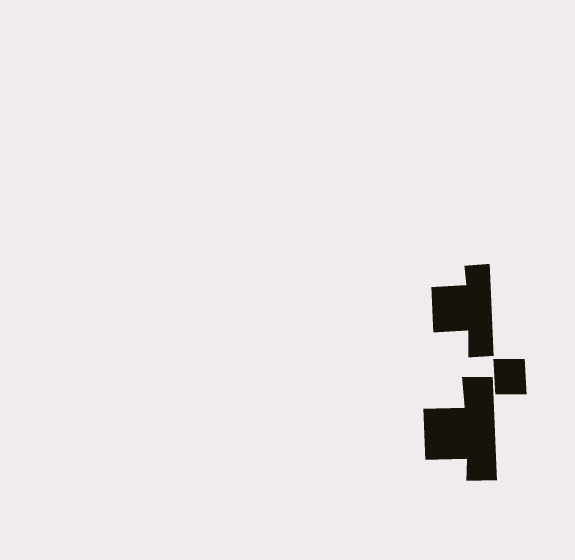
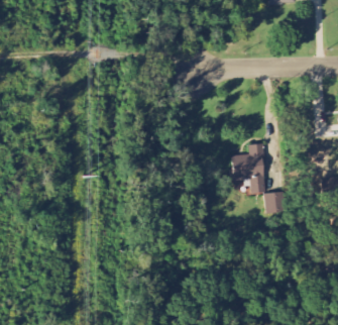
building: [422,376,498,481] -> none

